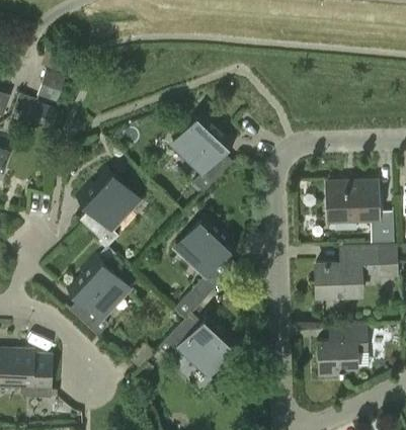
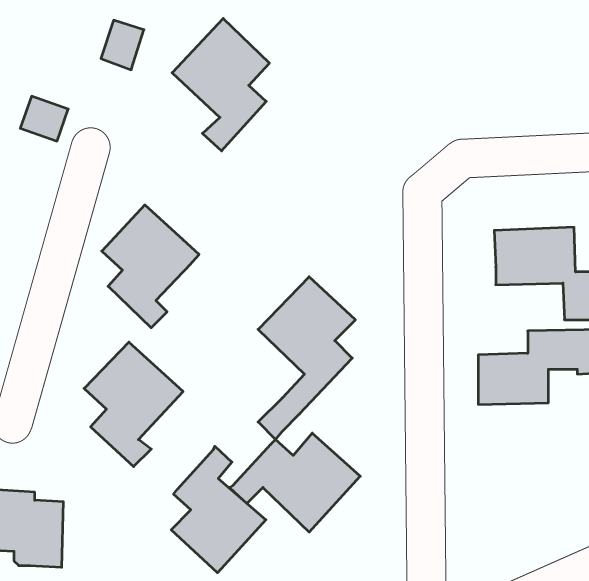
building: [36,71,64,102] -> [101,20,144,70]
building: [172,110,234,194] -> [172,18,269,151]
building: none -> [171,446,266,573]
building: [318,326,368,375] -> none

